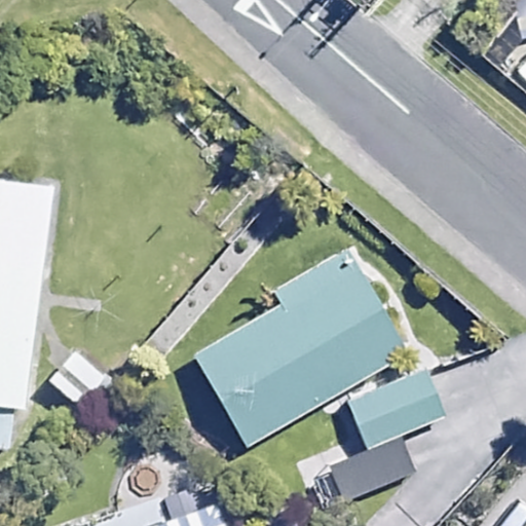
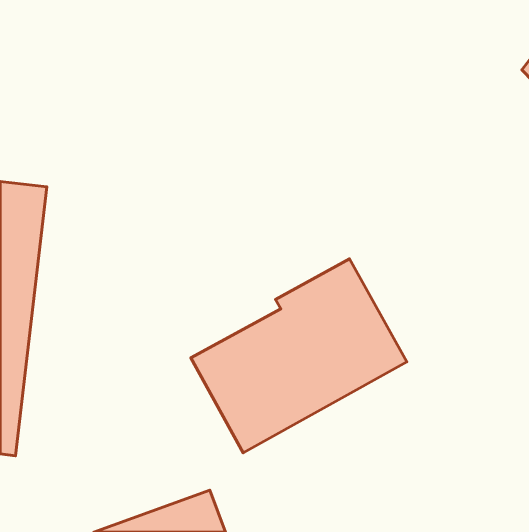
building: [302,367,447,515] -> none

